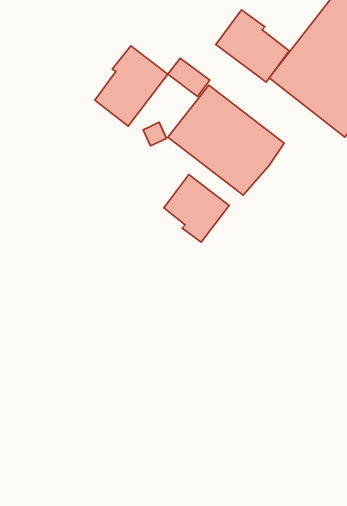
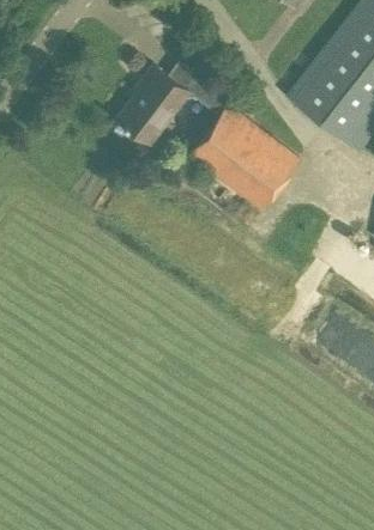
building: [216,10,289,82] -> none
building: [164,175,229,242] -> none

